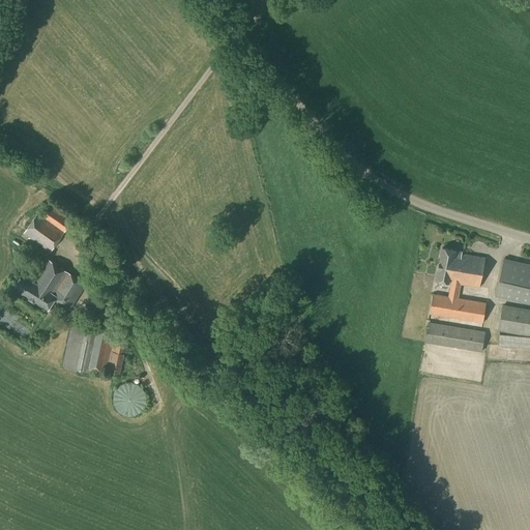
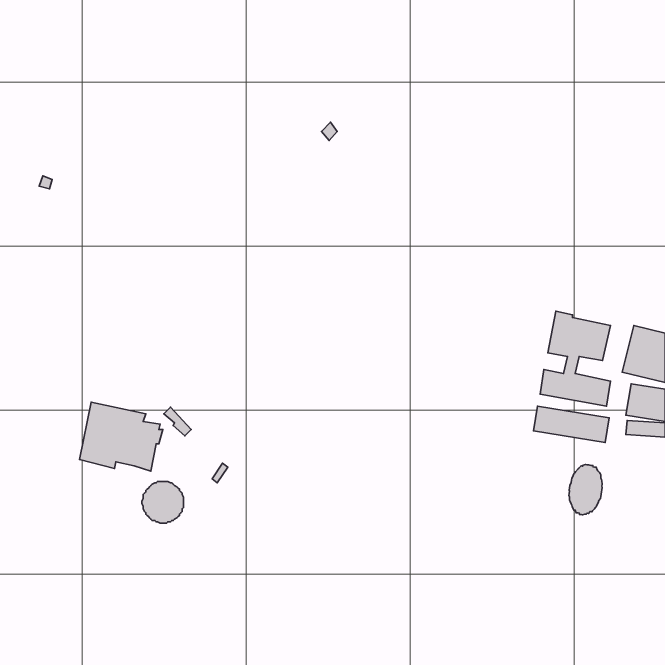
building: [24,208,71,252] -> none
building: [13,259,86,310] -> none
building: none -> [569,464,602,515]

